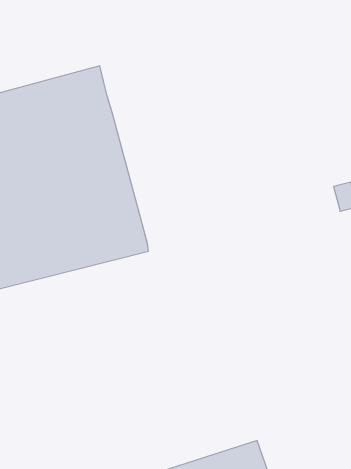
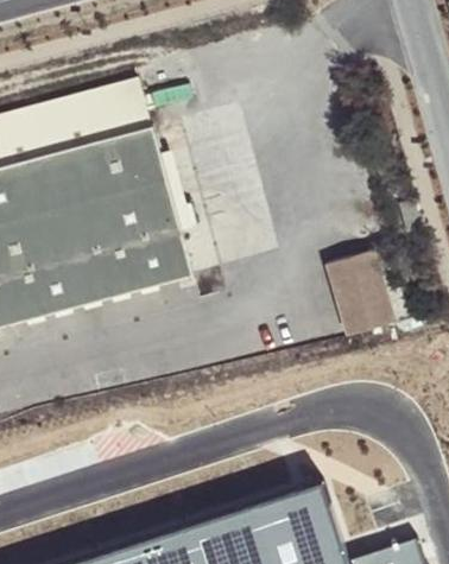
building: none -> [322,252,397,337]

